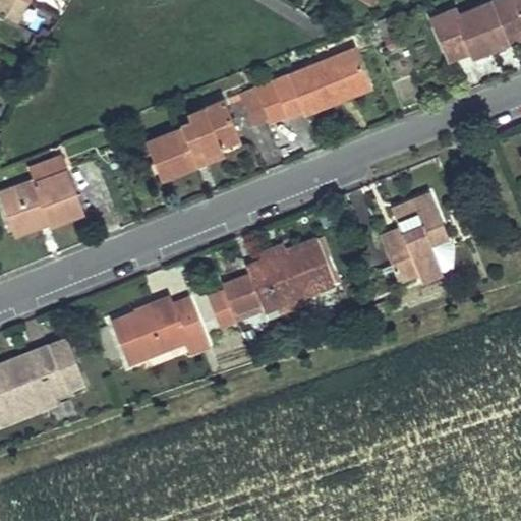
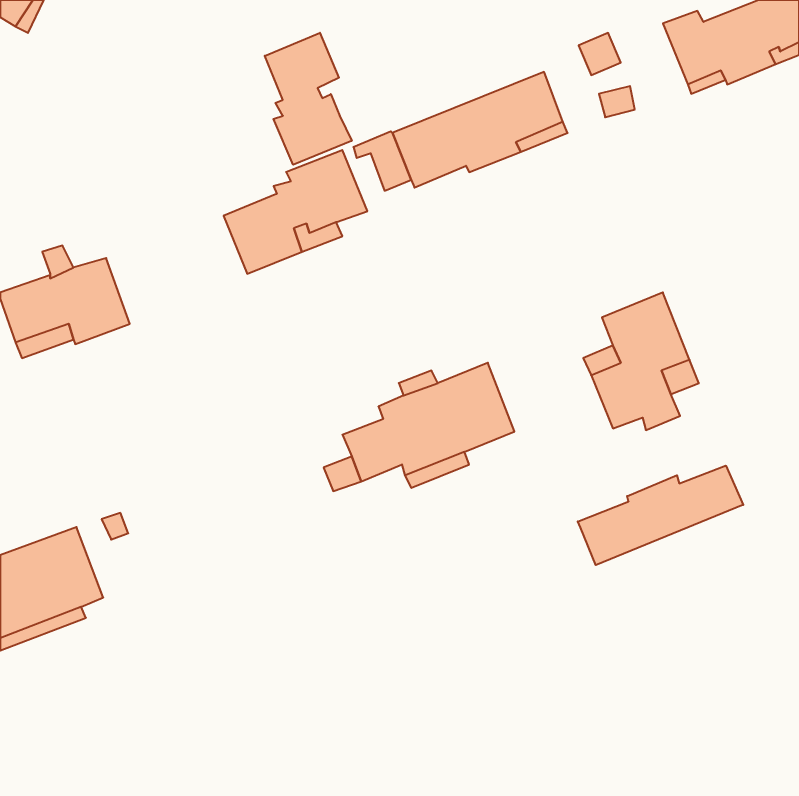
building: none -> [265,33,352,165]
building: [111,297,210,363] -> none
building: none -> [578,466,743,565]

